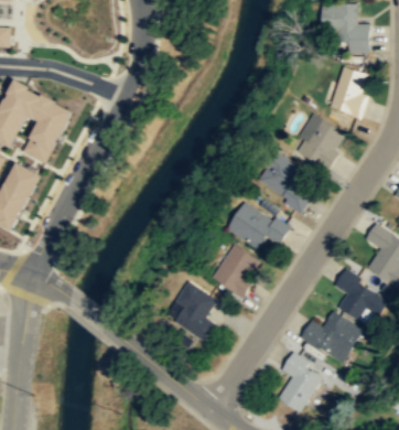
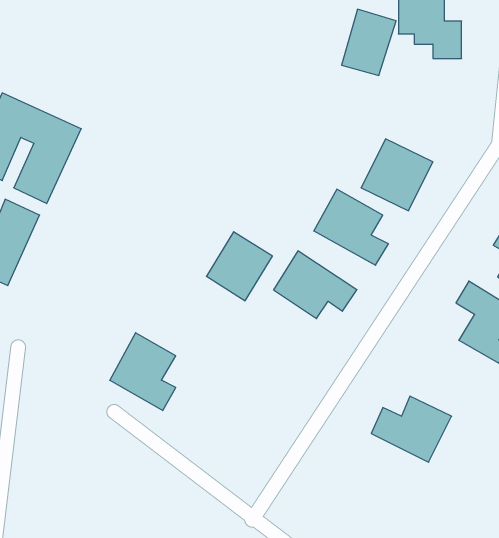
building: [328,66,370,117] -> [342,9,396,75]
building: [211,245,261,298] -> [206,232,272,301]
building: [333,270,388,321] -> none
building: [164,282,215,342] -> [110,333,176,410]
building: [277,354,324,413] -> none

